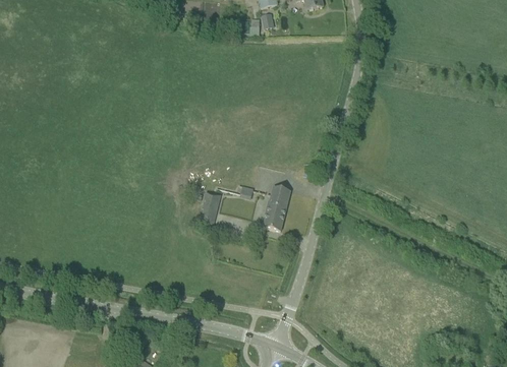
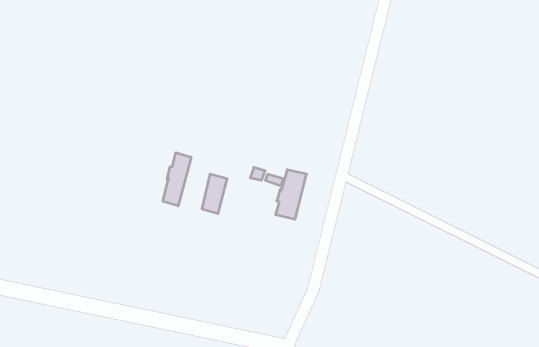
building: none -> [163,153,191,206]

